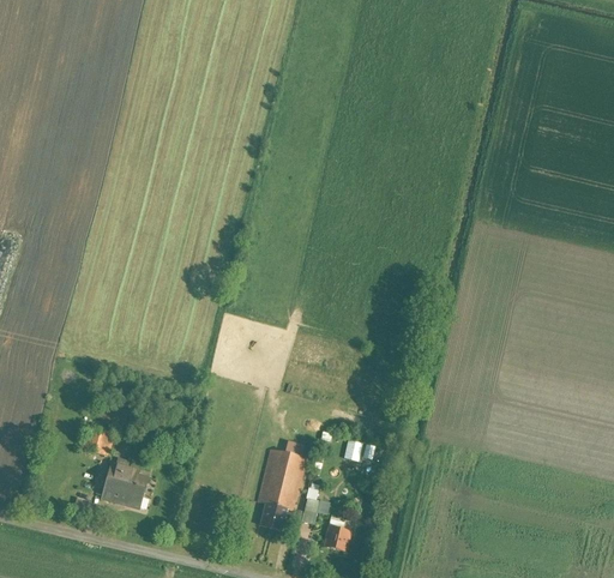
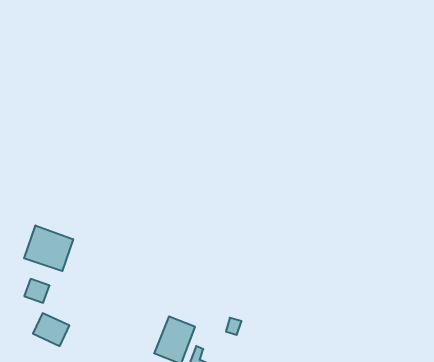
building: none -> [24,225,73,271]

